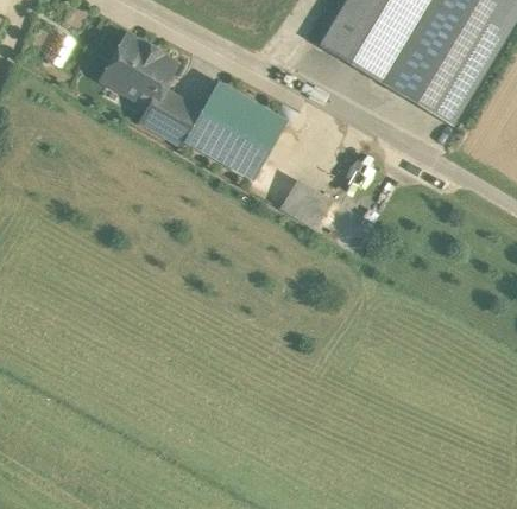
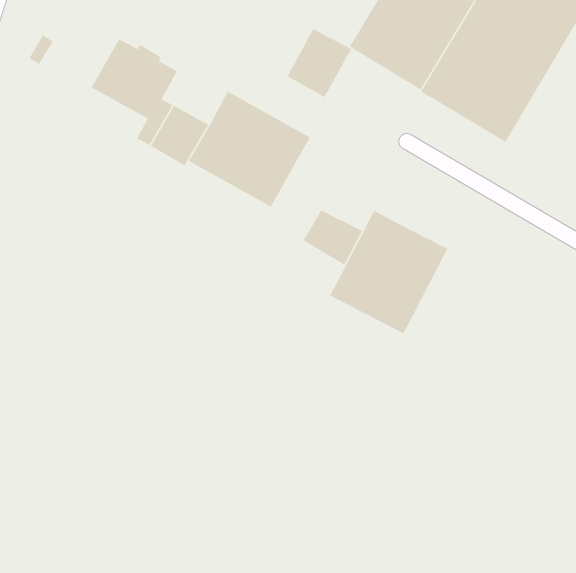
building: none -> [287,28,352,98]
building: none -> [329,210,448,334]

